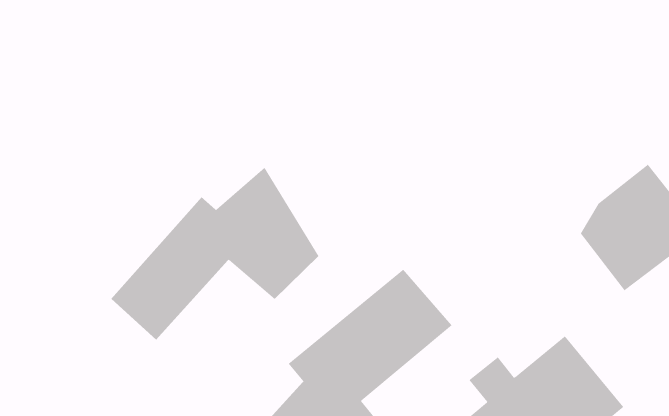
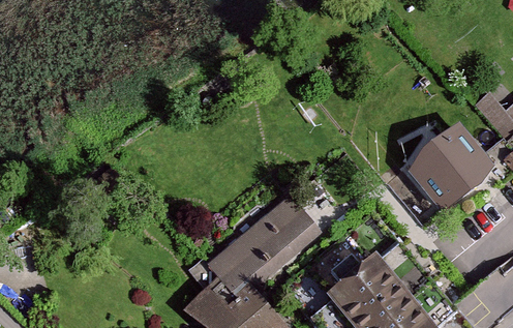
building: [111,167,319,341] -> none

